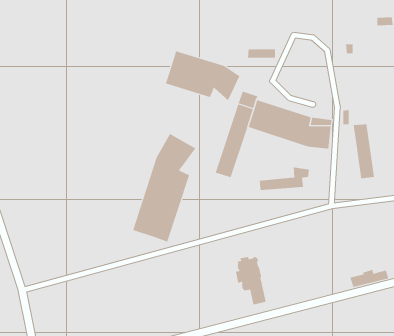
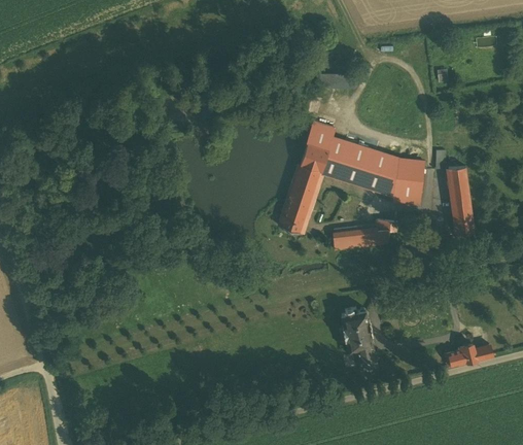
building: [165,51,240,101] -> none
building: [132,133,196,243] -> none
building: [235,256,266,305] -> [339,308,377,368]

